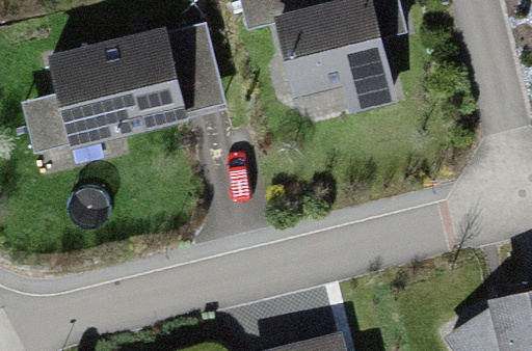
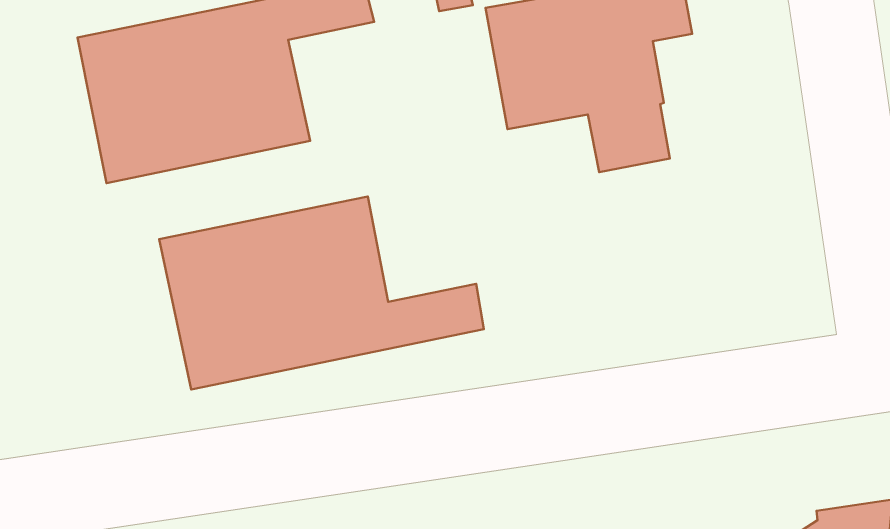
building: none -> [159,197,484,390]

